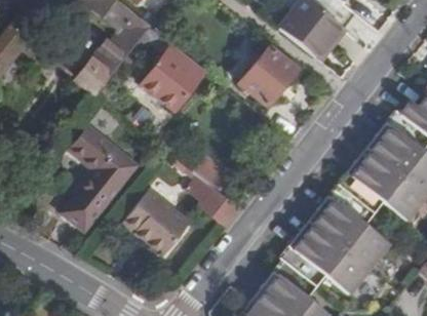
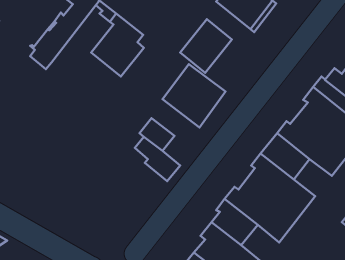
building: none -> [162,64,226,128]
building: [63,127,135,229] -> none
building: [122,189,190,254] -> none

